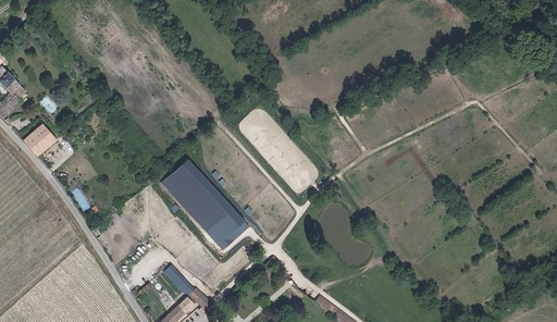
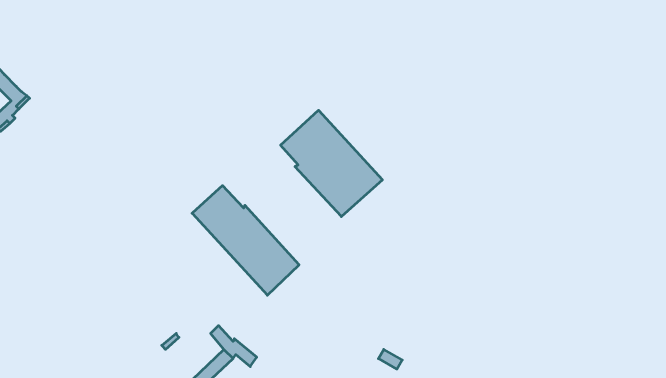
building: none -> [281,110,382,217]
building: [25,123,57,156] -> none

